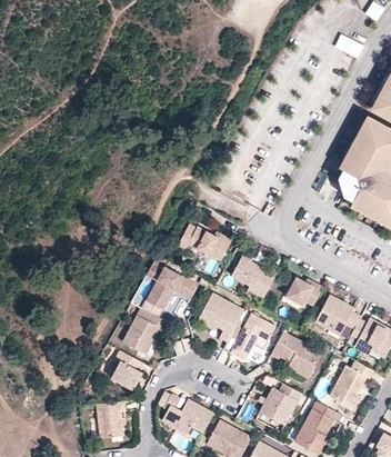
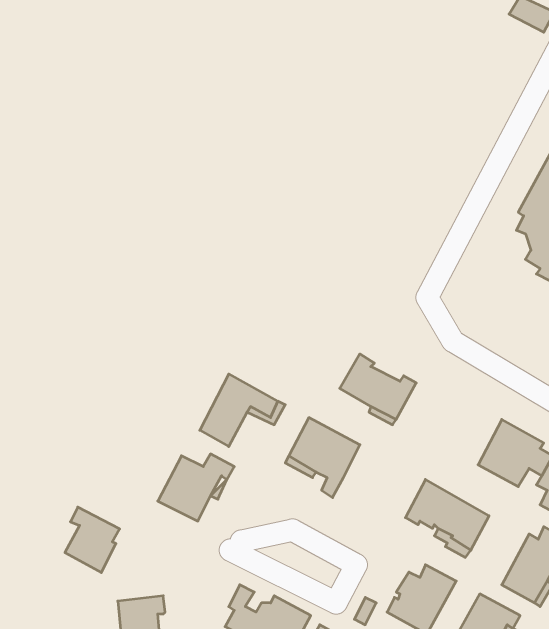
building: [177,225,231,262] -> none
building: [285,278,322,306] -> none
building: [223,315,275,359] -> none
building: [111,351,144,391] -> [65,507,120,573]

